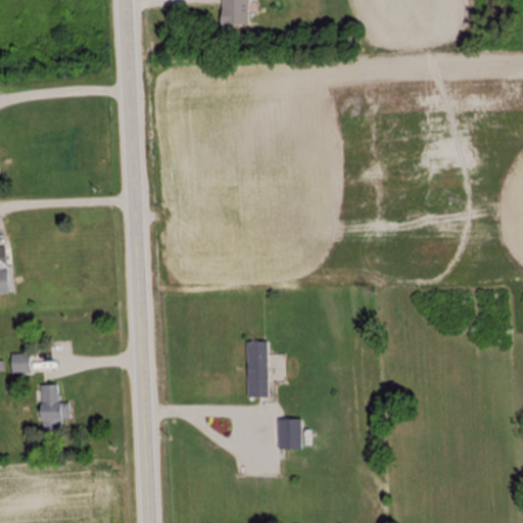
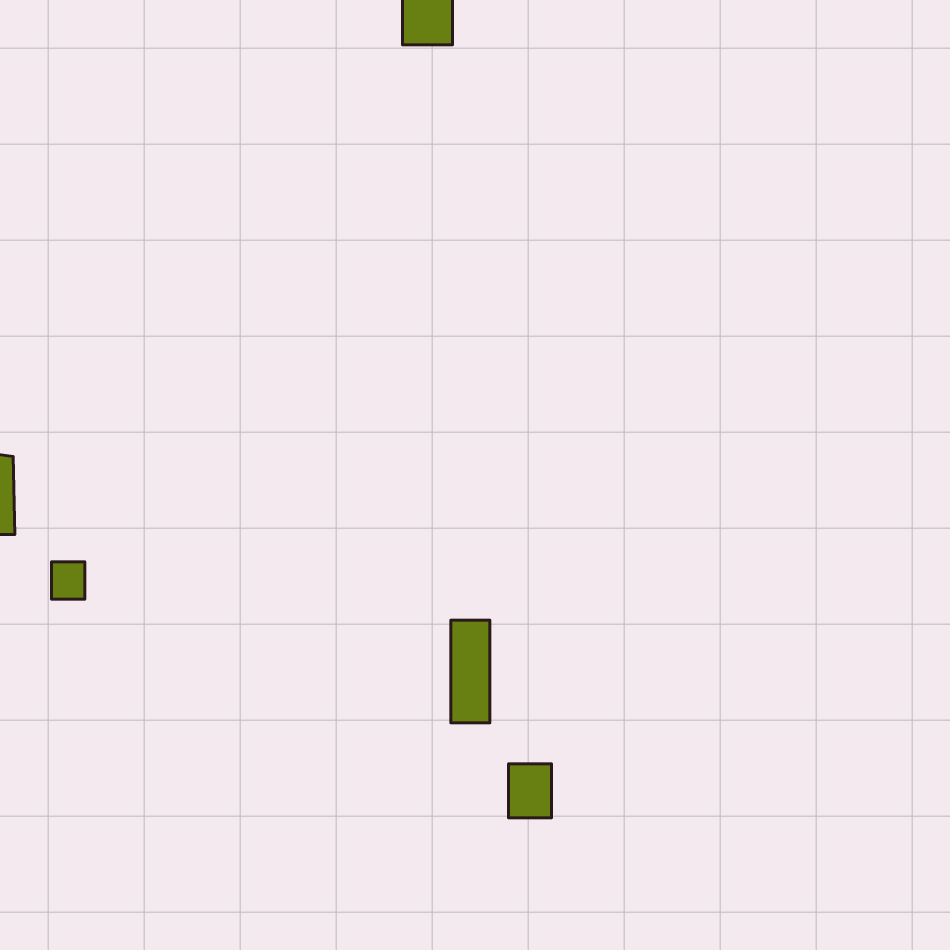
building: [11,353,30,374] -> [51,562,85,599]
building: [41,385,69,431] -> none

